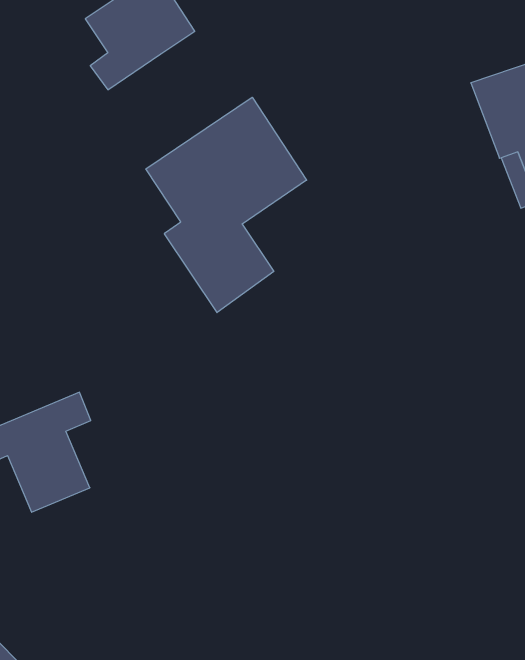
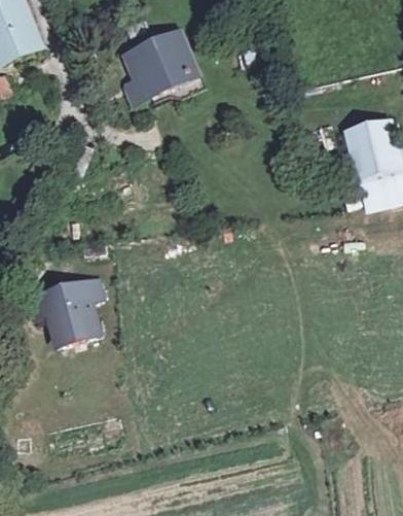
building: [146,97,307,313] -> none

